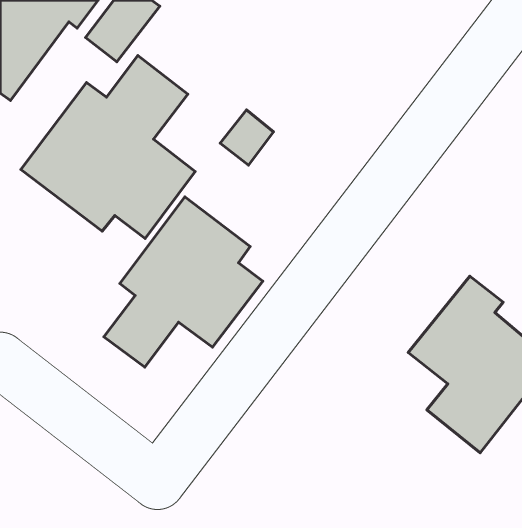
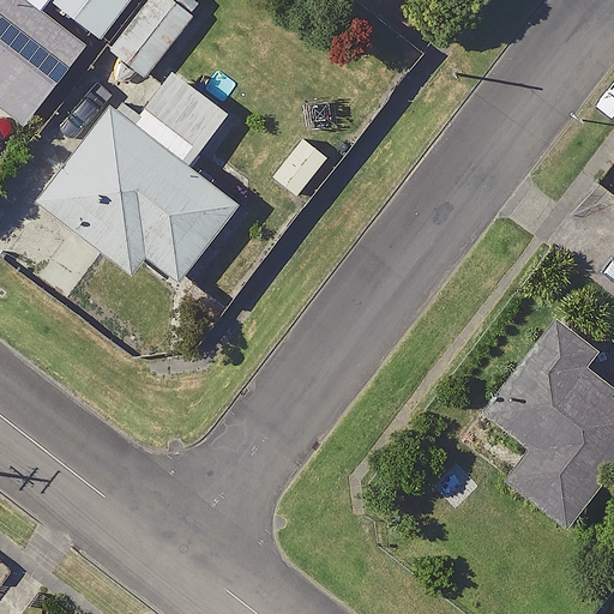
building: [104,197,263,367] -> none

